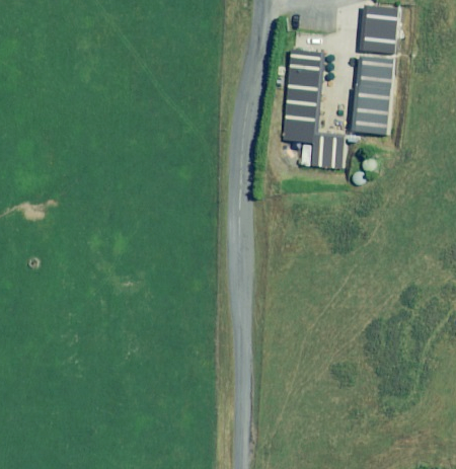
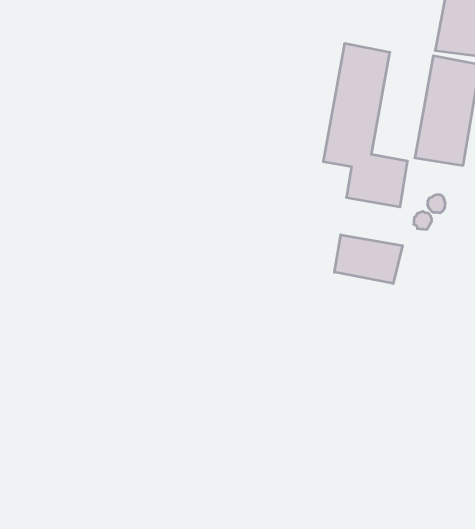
building: none -> [334,235,403,284]

